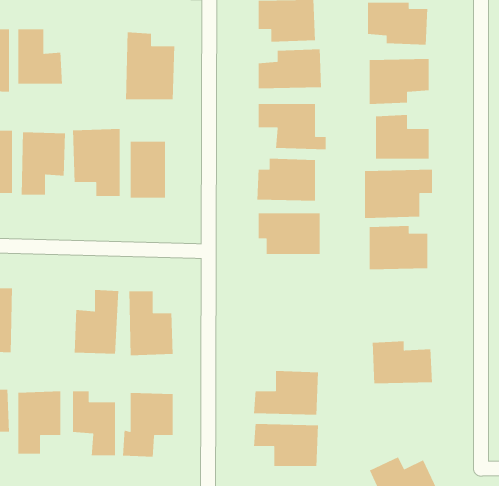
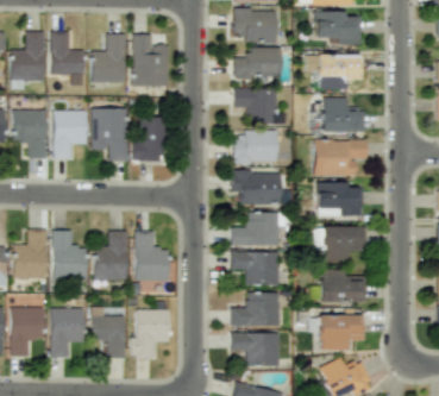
building: none -> [92,34,125,83]
building: none -> [231,213,281,246]
building: none -> [324,226,366,262]
building: none -> [52,231,86,279]
building: none -> [231,252,280,285]
building: none -> [319,315,364,351]

